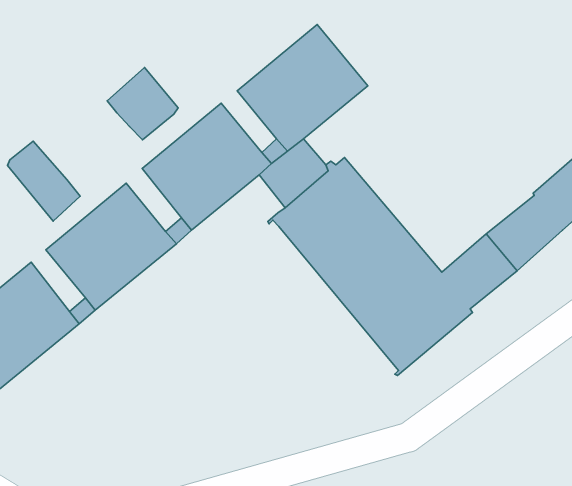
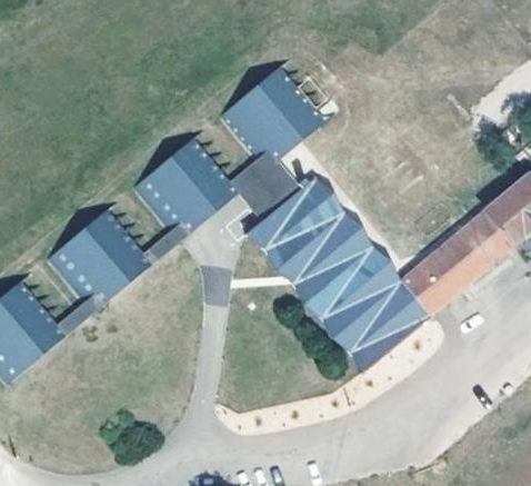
building: [107,67,178,140] -> none
building: [7,141,80,221] -> none

